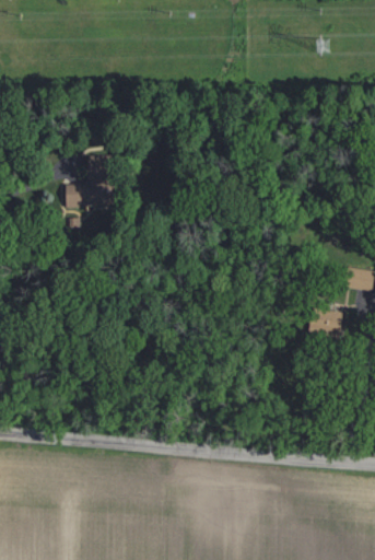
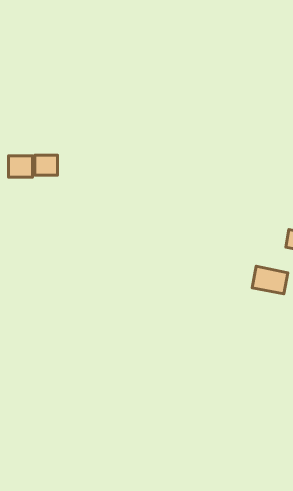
building: none -> [9,156,32,177]

